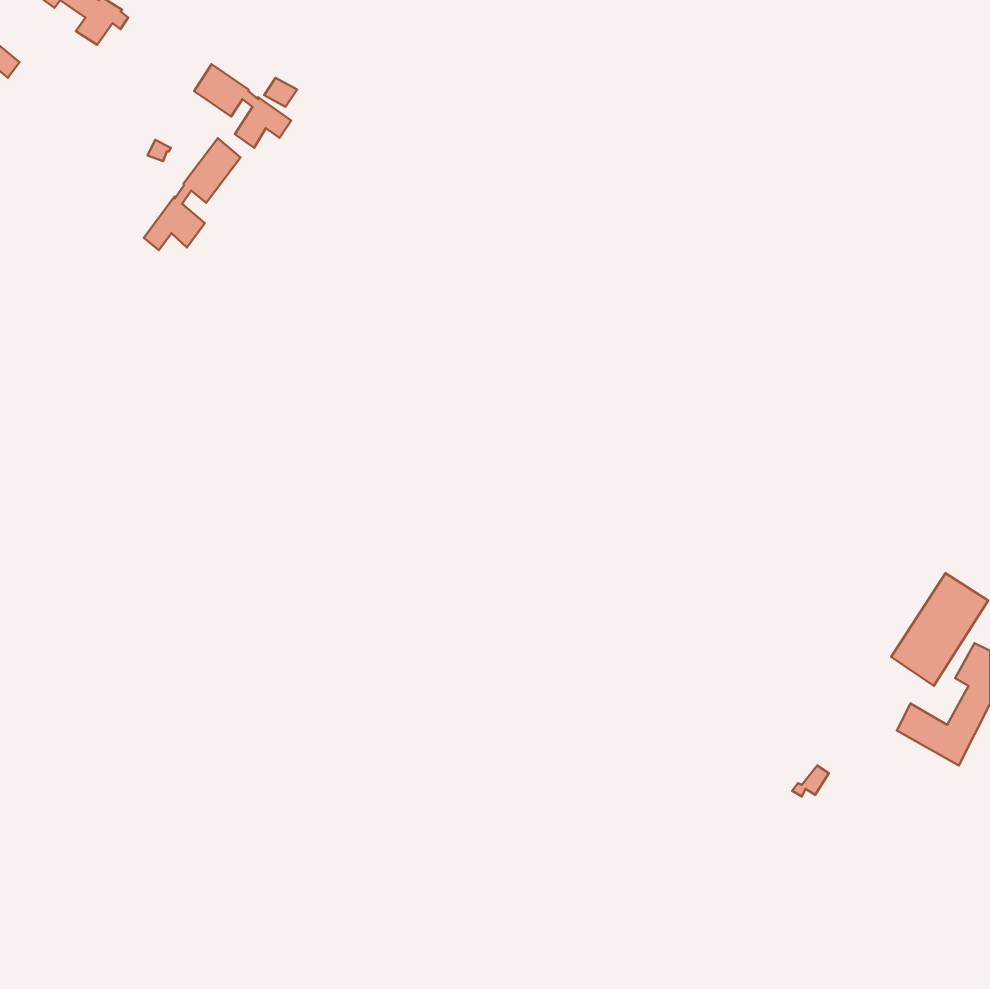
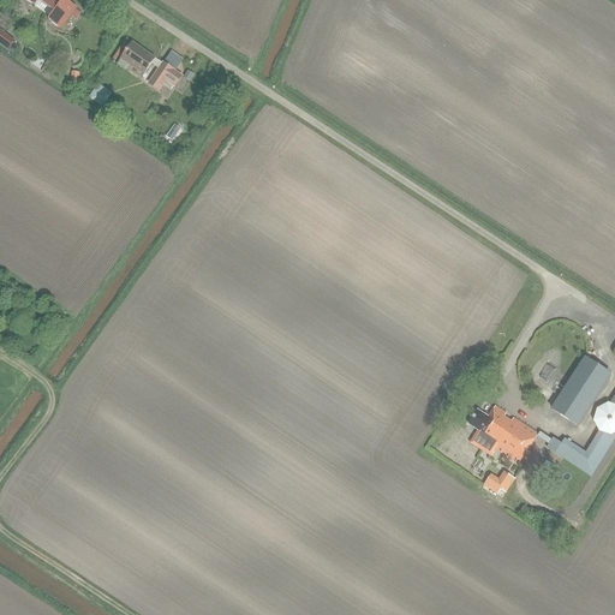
building: [144,138,241,250] -> none
building: none -> [468,405,538,464]

